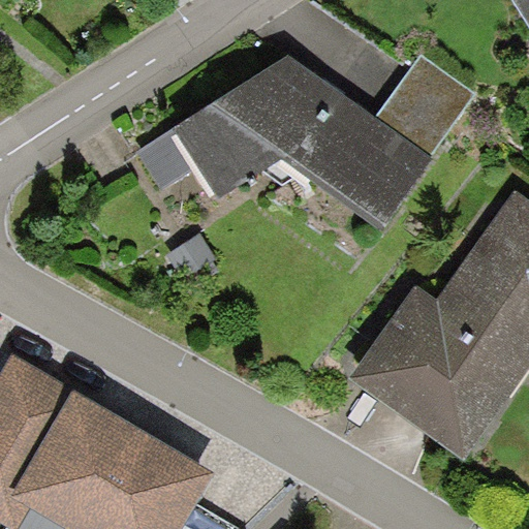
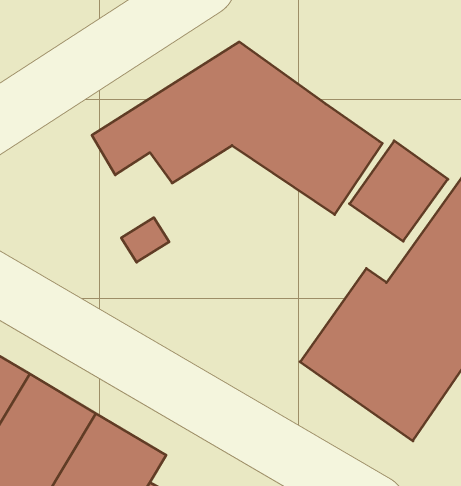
building: [376,53,476,155] -> [349,141,448,241]

